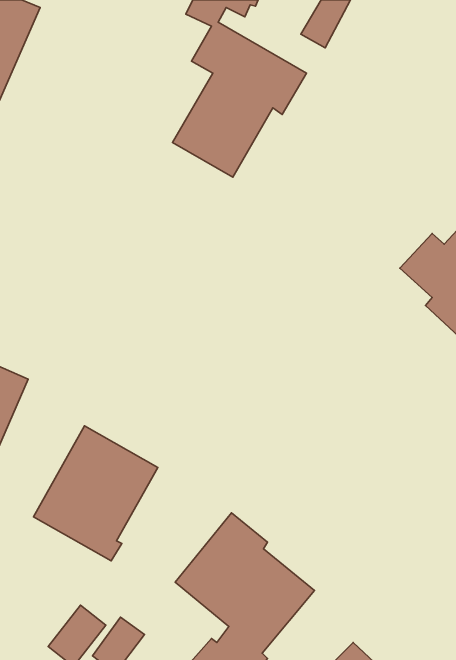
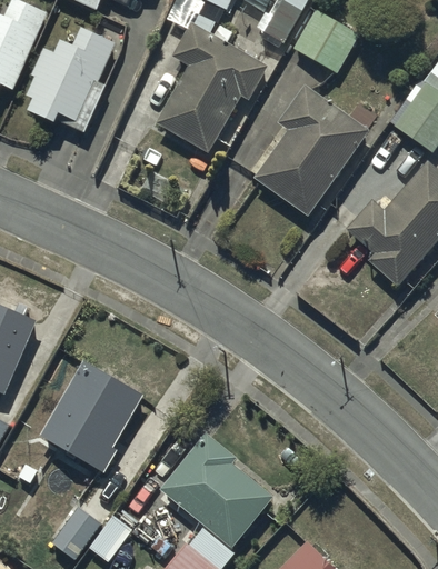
building: none -> [293,10,359,73]
building: none -> [27,26,116,131]
building: none -> [252,83,368,214]

